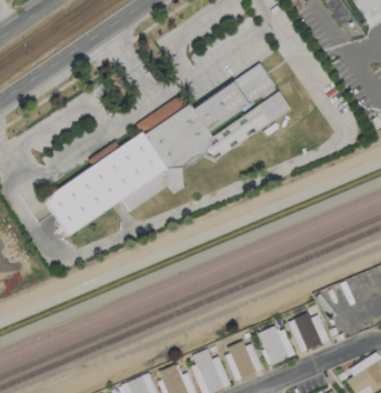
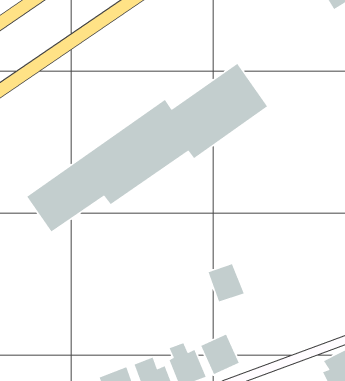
building: [287,312,328,352] -> none
building: [255,324,293,364] -> [207,263,245,303]

